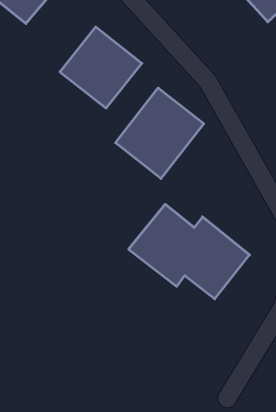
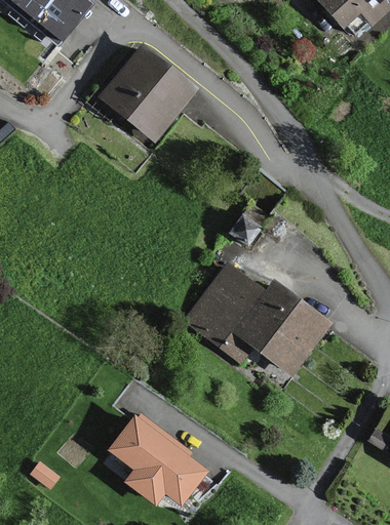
building: [116,88,204,179] -> none
building: none -> [104,414,204,507]

